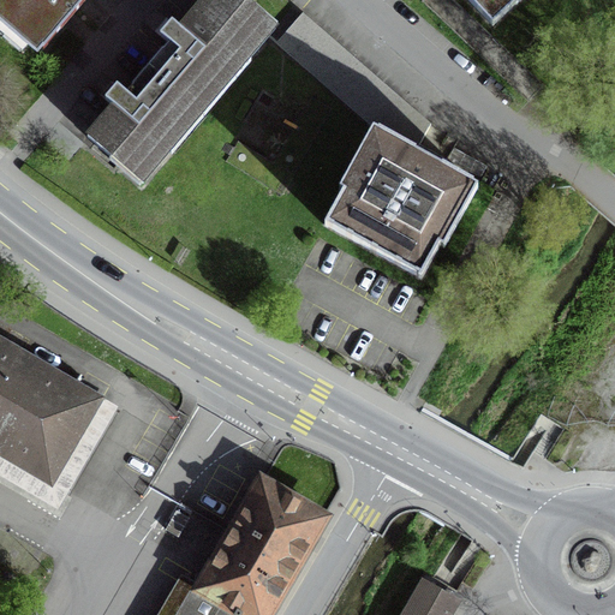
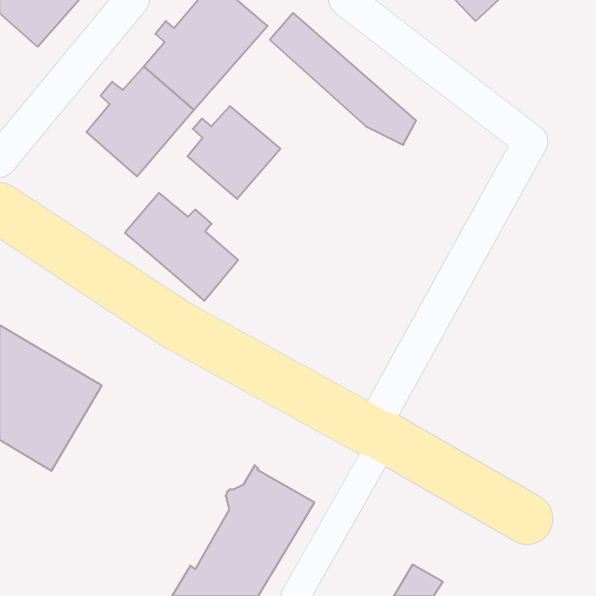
building: none -> [188,106,280,199]
building: [324,130,472,276] -> none
building: none -> [125,193,238,301]

